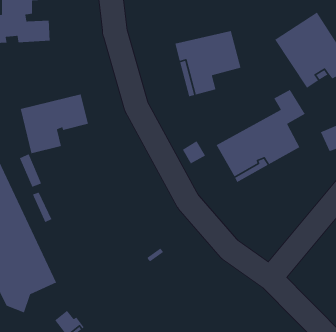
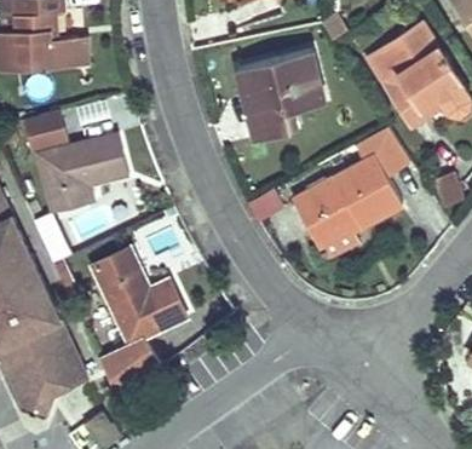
building: none -> [23,110,67,151]
building: none -> [93,247,186,402]

